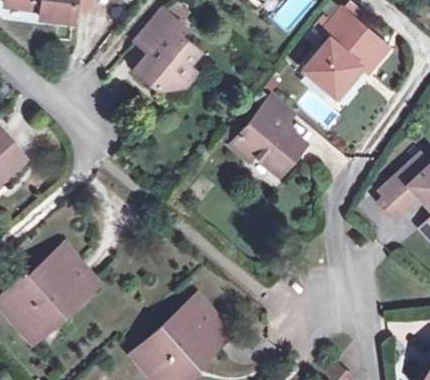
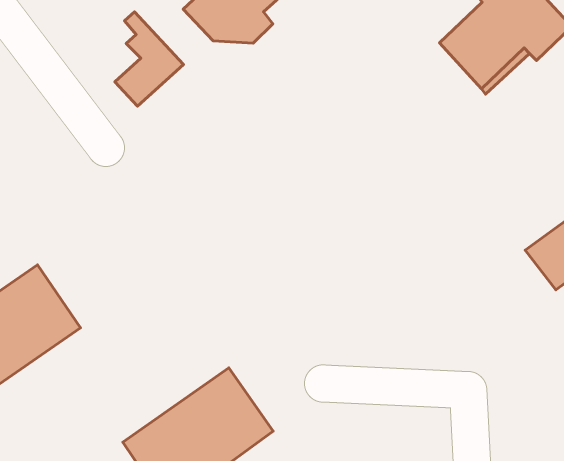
building: none -> [115,12,184,106]
building: [231,95,306,175] -> none

